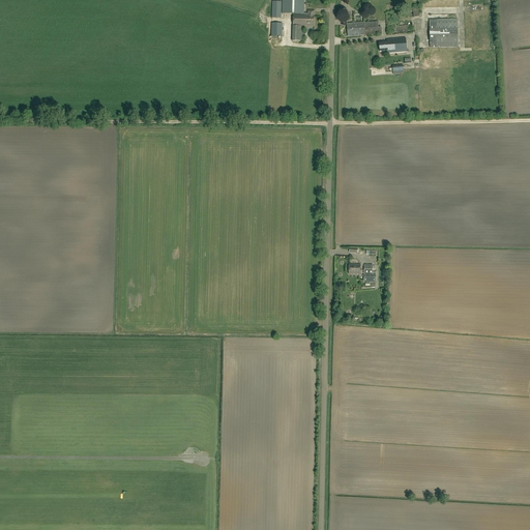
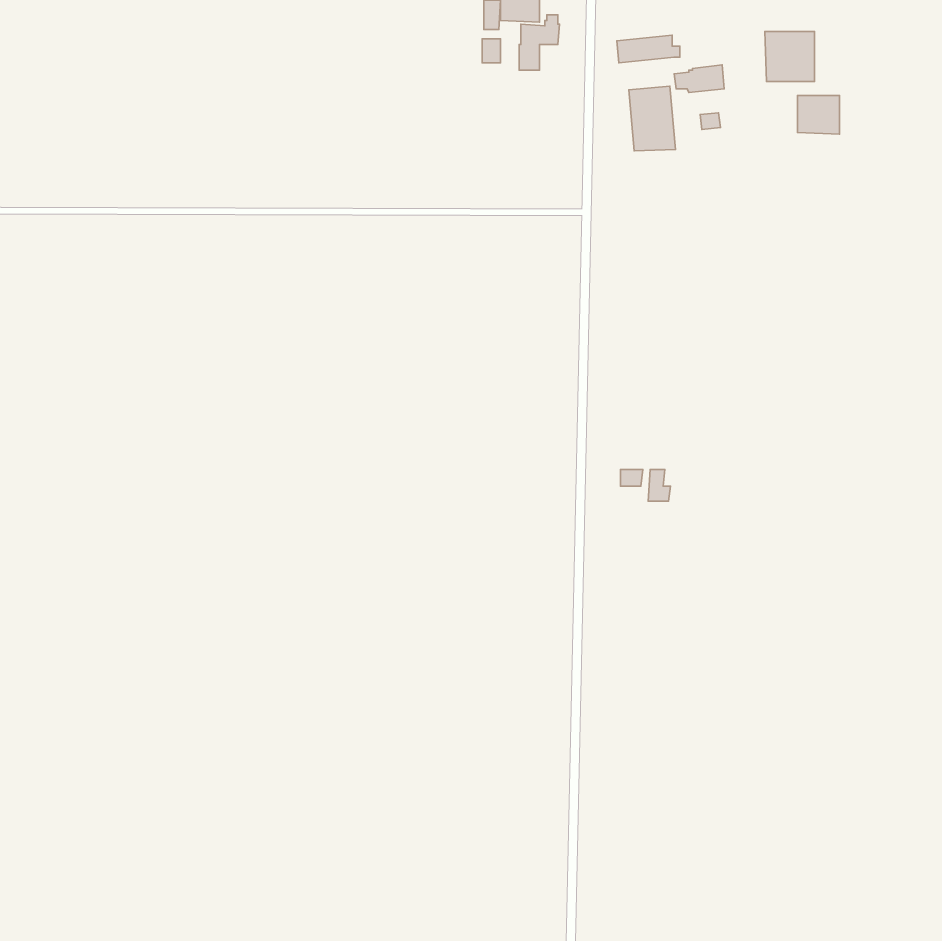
building: none -> [629,86,675,151]
building: none -> [798,95,840,134]

